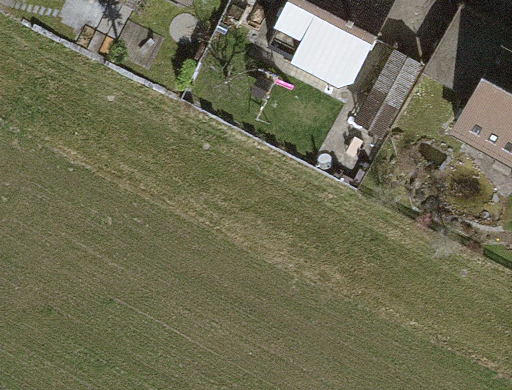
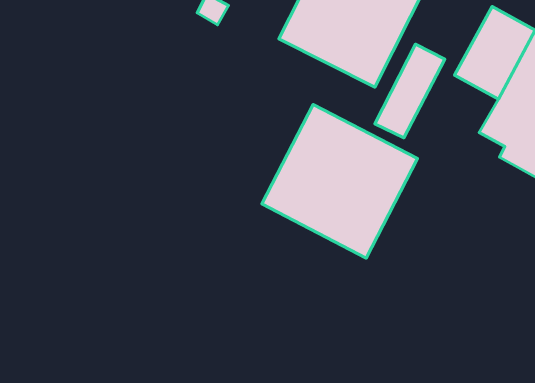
building: none -> [262,105,418,258]

